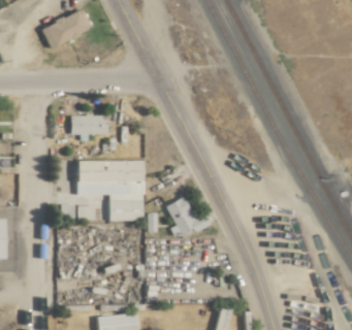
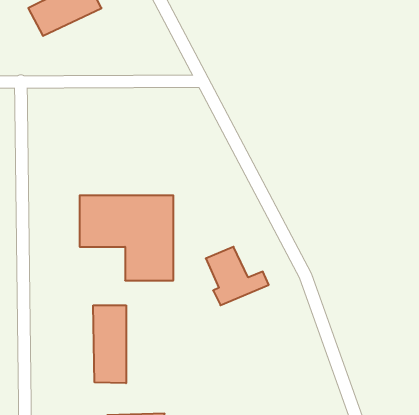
building: [71,113,109,140] -> none
building: none -> [93,305,126,383]

